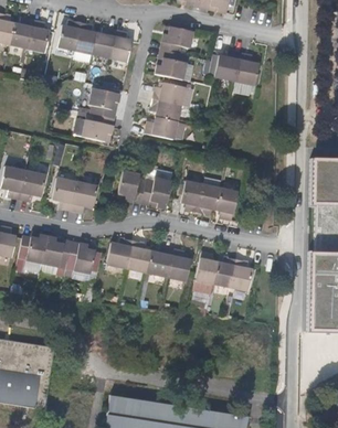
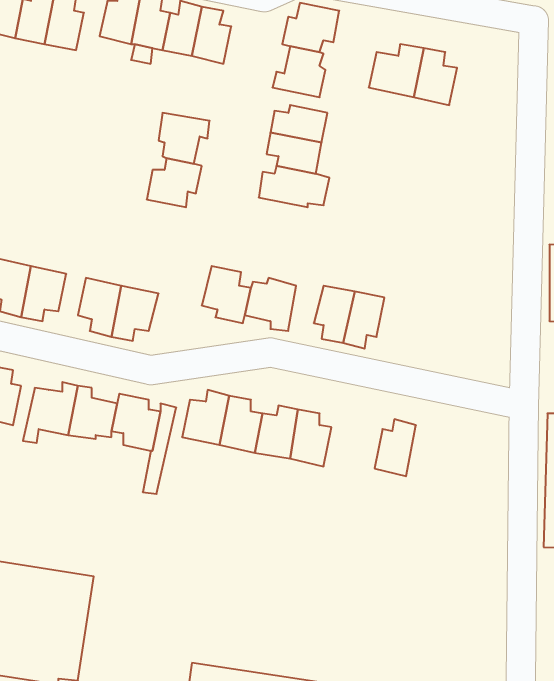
building: [214,190,237,223] -> none
building: [193,254,218,297] -> none
building: [231,261,252,293] -> none

